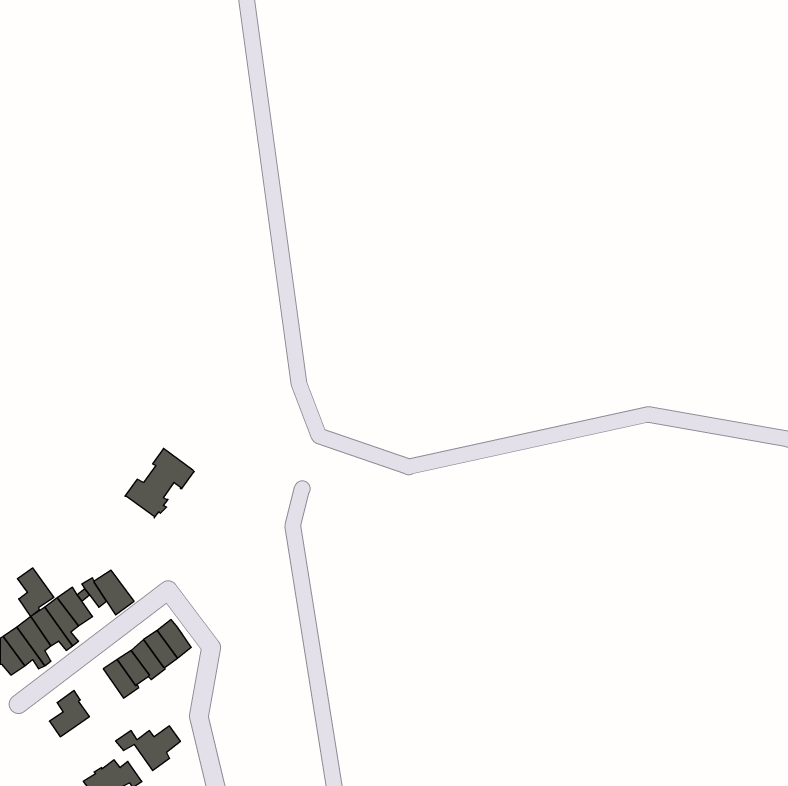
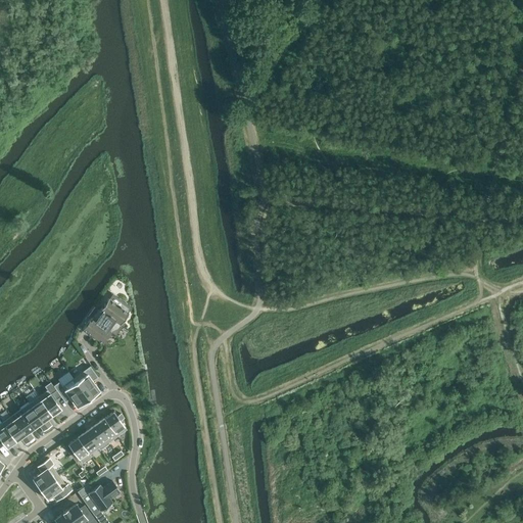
building: none -> [74,367,100,399]
building: [17,568,54,616] -> none
building: none -> [40,476,73,501]

